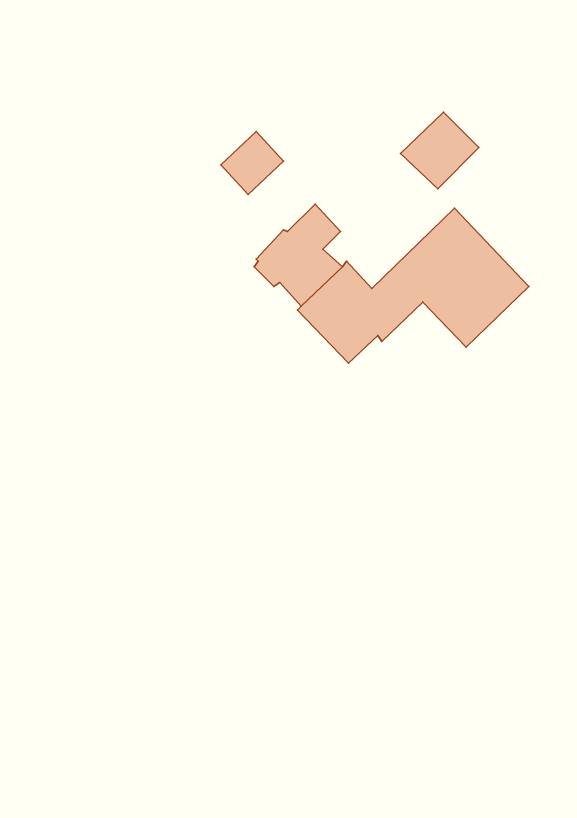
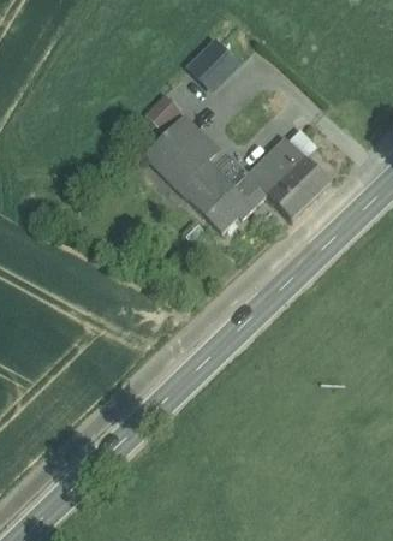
building: [400,112,479,189] -> [190,41,238,88]
building: none -> [148,117,200,167]

